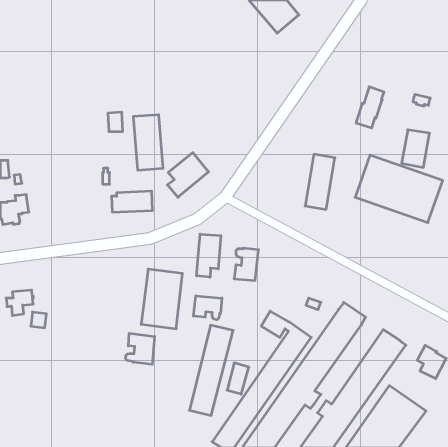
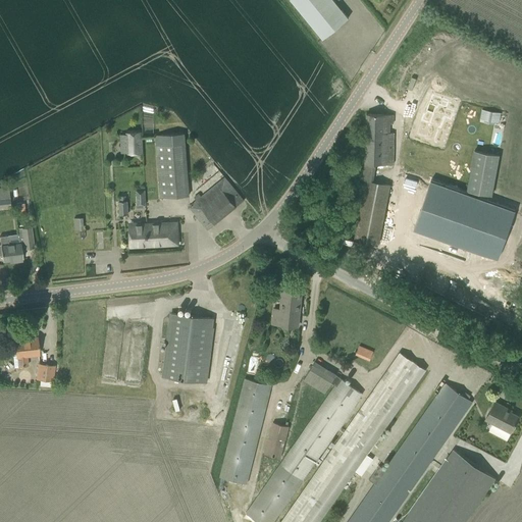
building: none -> [364,115,394,165]
building: [197,234,221,277] -> none
building: [193,296,222,320] -> none
building: [125,333,155,364] -> none

